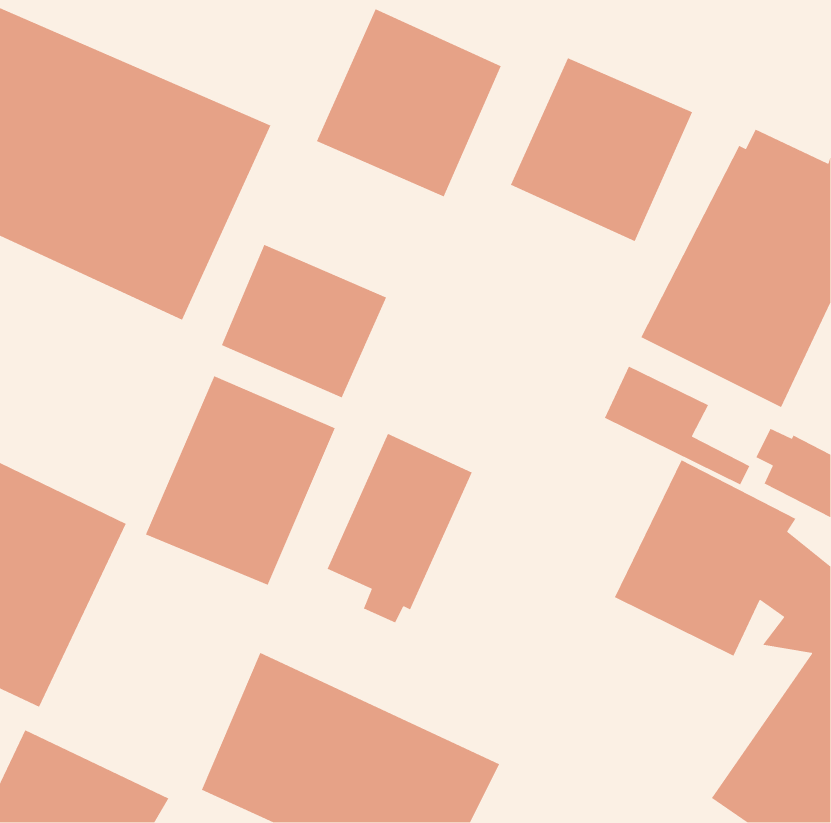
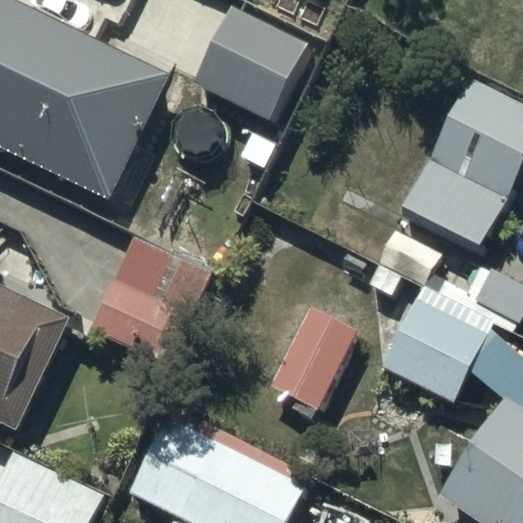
building: [510,57,693,242] -> none
building: [221,244,387,399] -> none
building: [327,433,473,624] -> [270,304,361,423]

